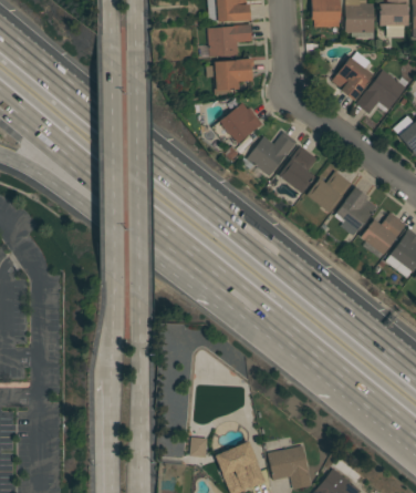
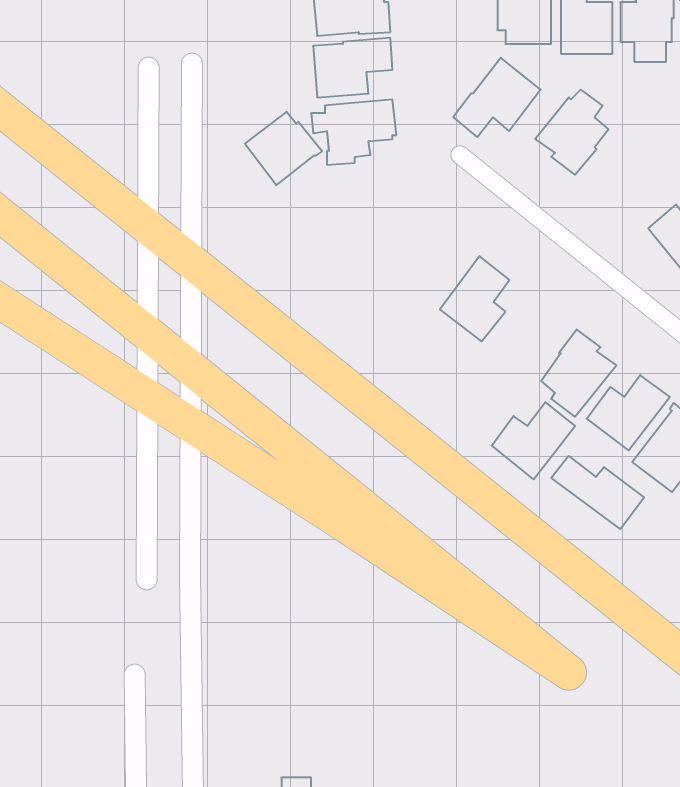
building: [356,70,405,114] -> [453,58,541,137]
building: [219,103,262,144] -> [245,112,322,185]
building: [247,132,297,177] -> none
building: [305,171,352,214] -> [492,402,575,479]
building: none -> [551,456,644,529]

